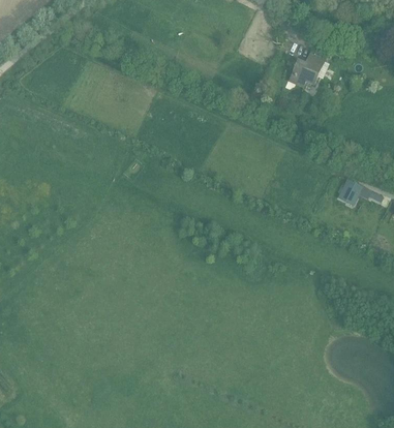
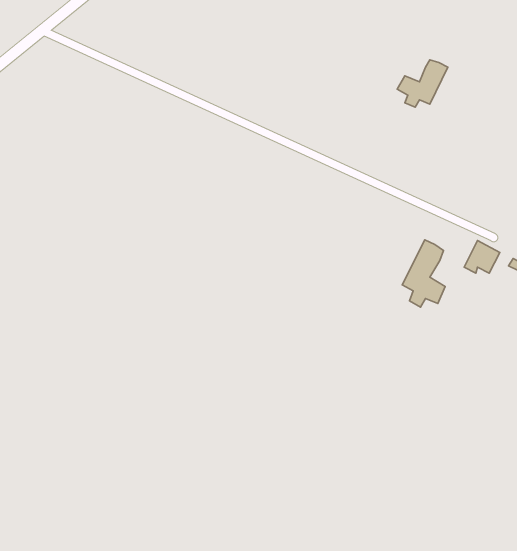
building: none -> [402,240,445,307]

